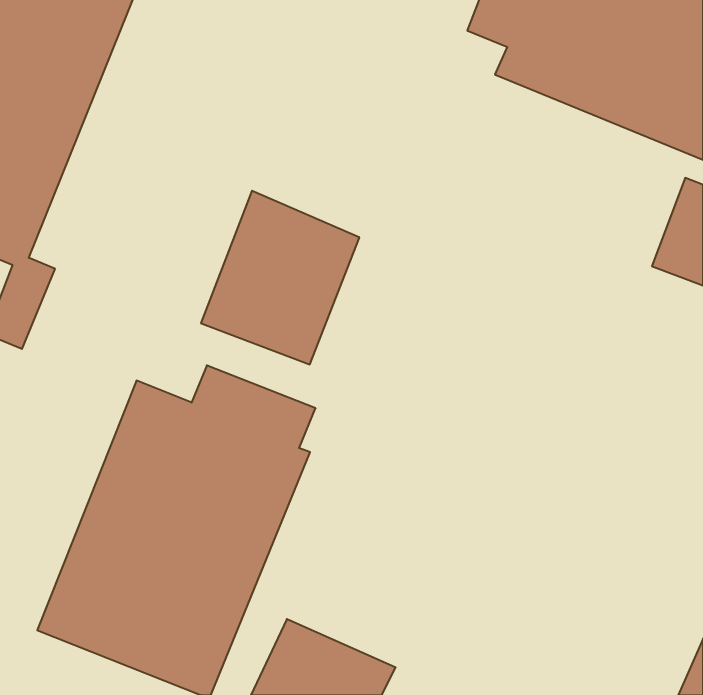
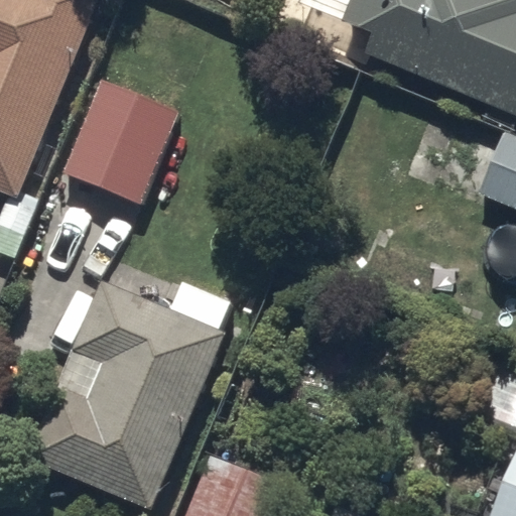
building: [201,191,359,364] -> [62,76,178,203]

